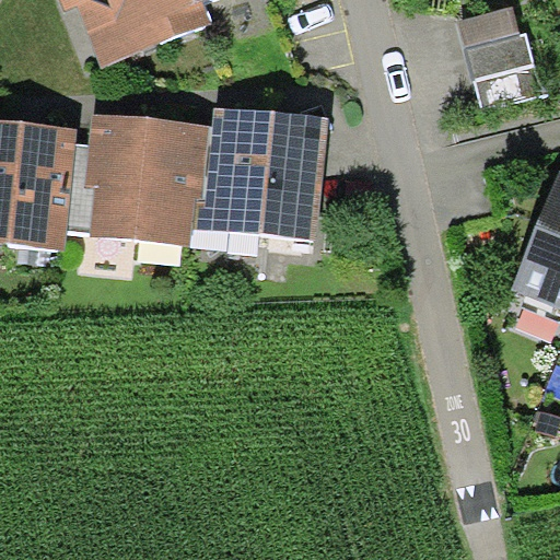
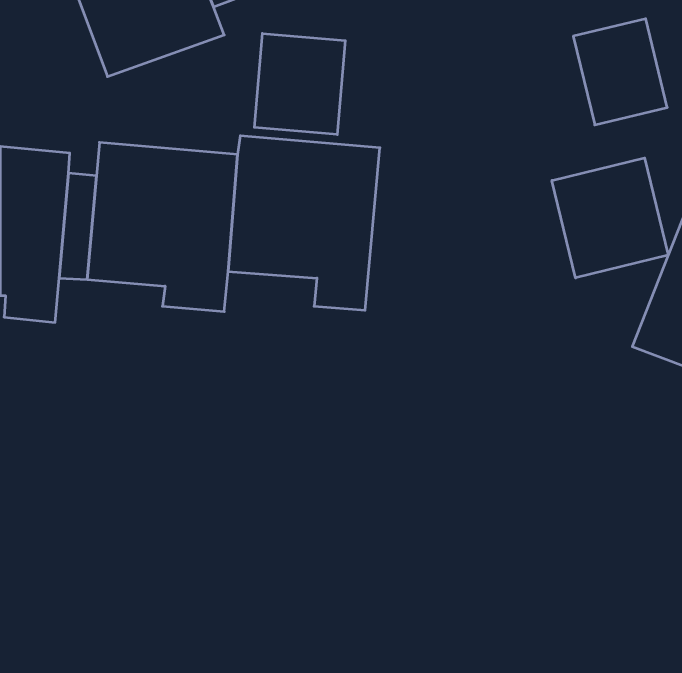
building: none -> [254,33,345,135]
building: none -> [552,158,668,278]

